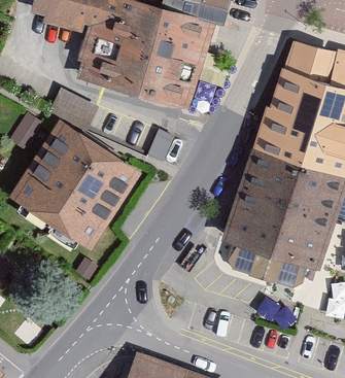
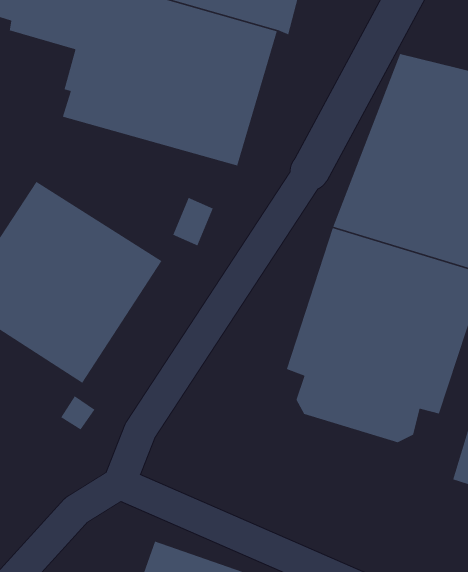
building: [48,88,99,130] -> none

